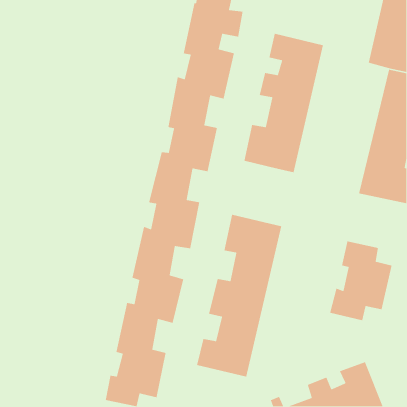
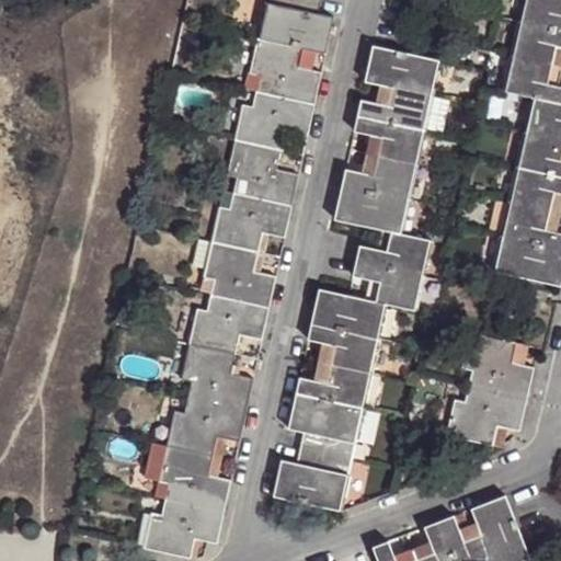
building: none -> [352,231,428,316]

